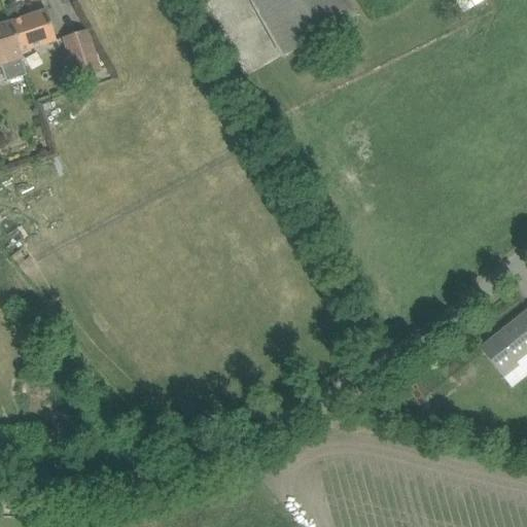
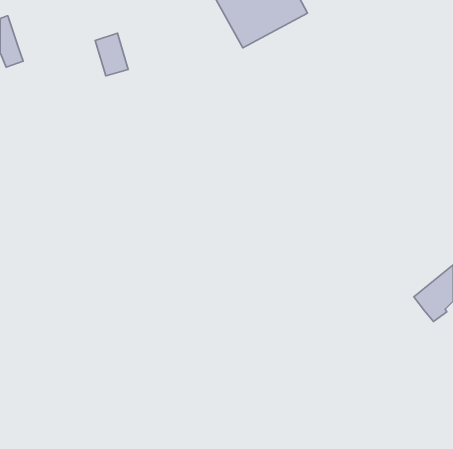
building: [9,6,56,56] -> none
building: [63,25,101,74] -> [95,33,128,76]

